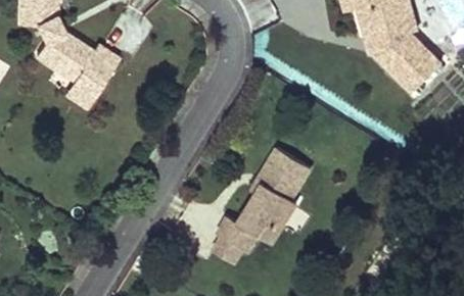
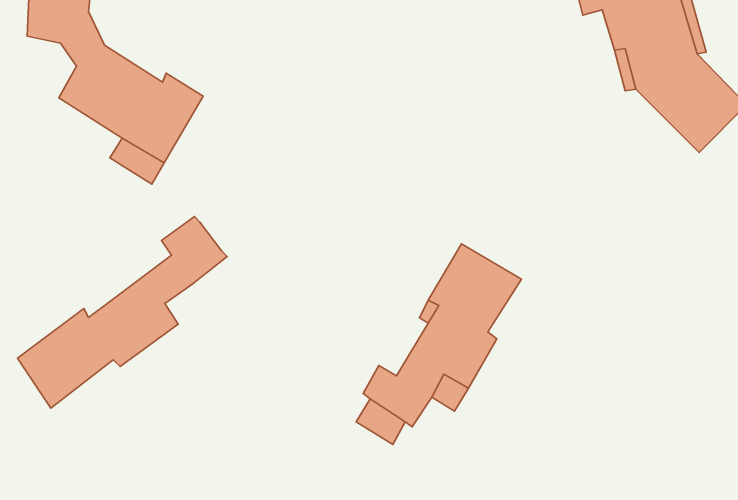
building: none -> [17,217,227,408]

